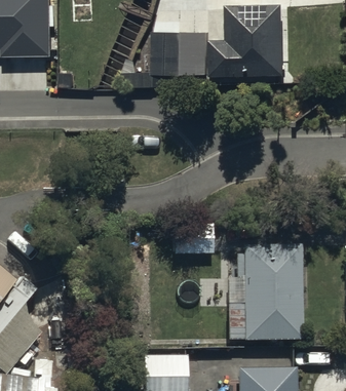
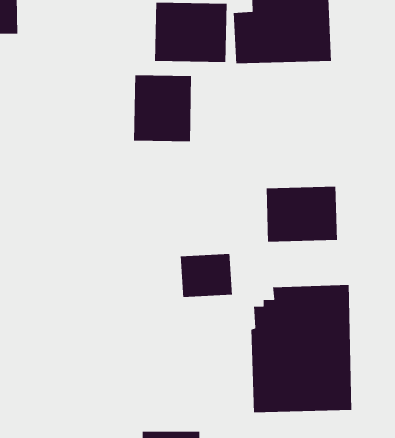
building: none -> [133,75,192,142]
building: none -> [266,186,338,243]

